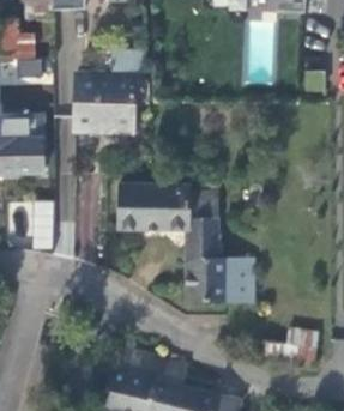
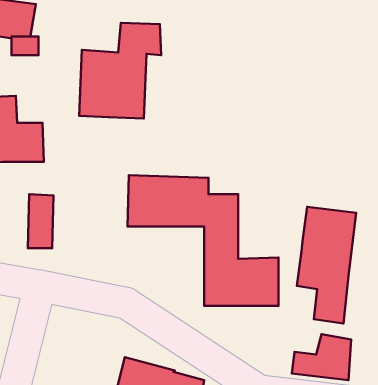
building: none -> [297,207,356,323]

